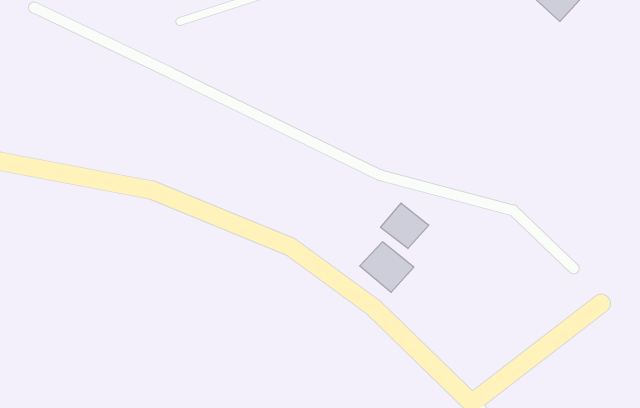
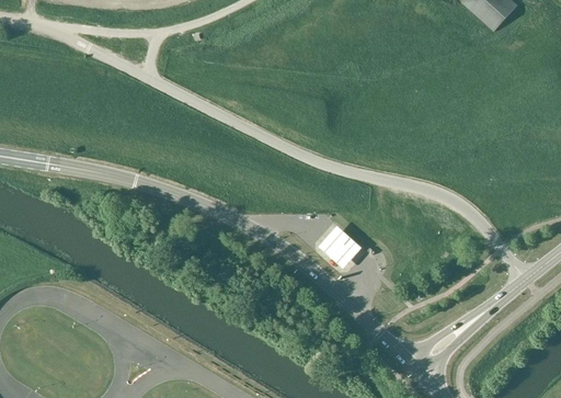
building: [381,203,429,249] -> none

